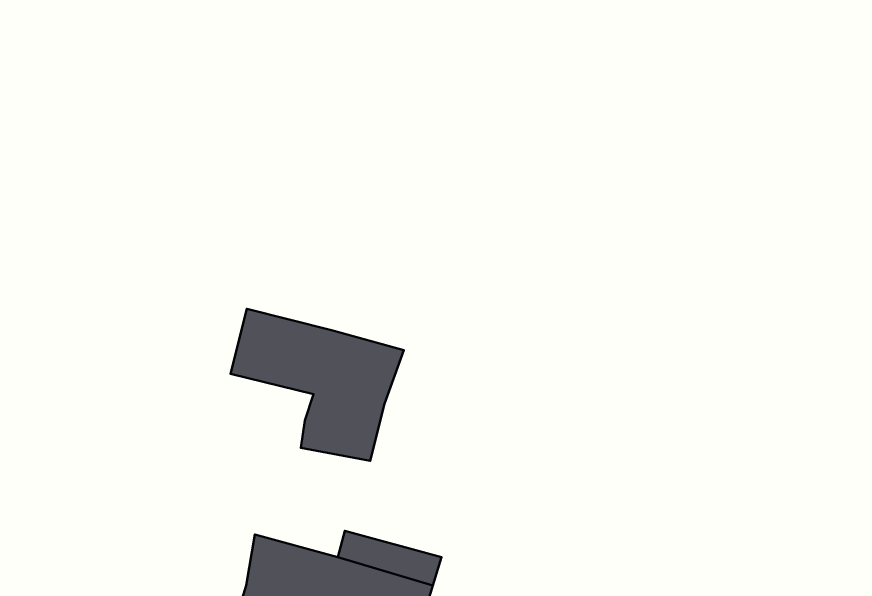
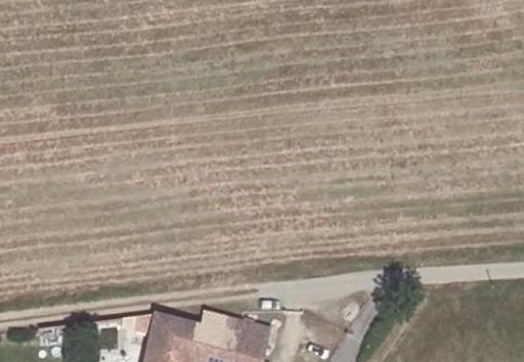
building: [230,309,404,461] -> none

